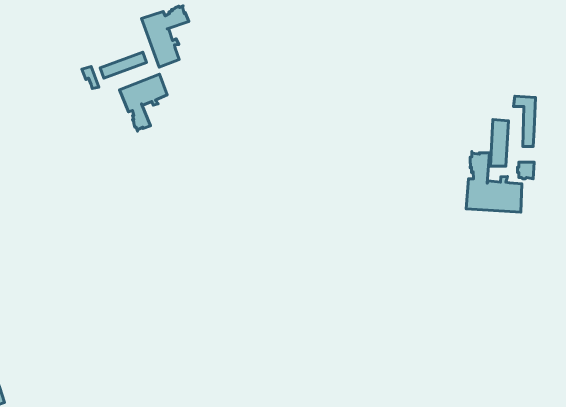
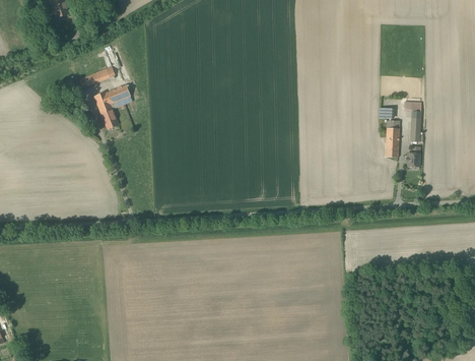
building: [141,6,189,67] -> none
building: [466,152,522,212] -> none

